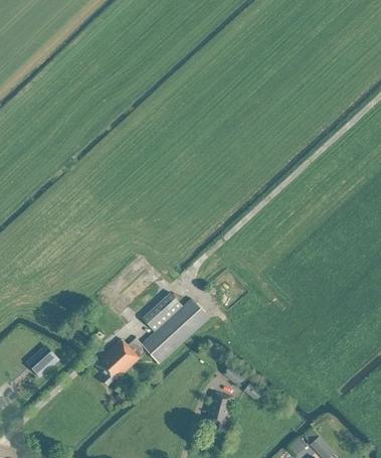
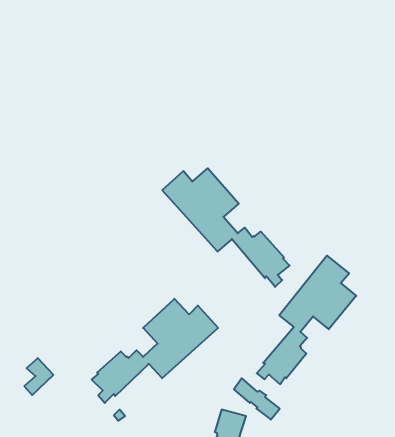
building: none -> [162,168,290,287]
building: none -> [257,256,356,384]

